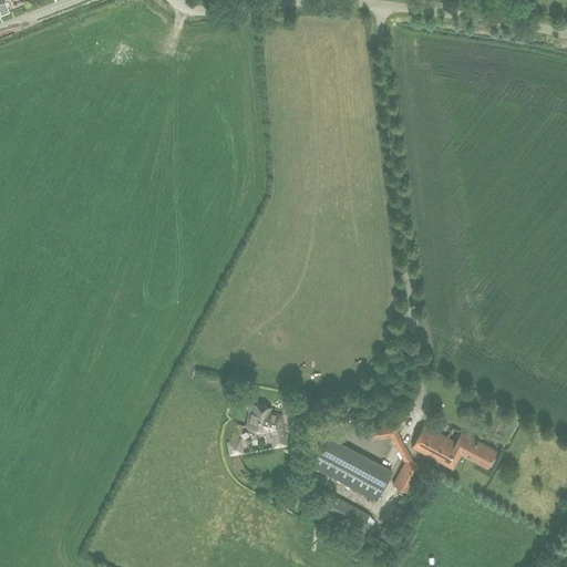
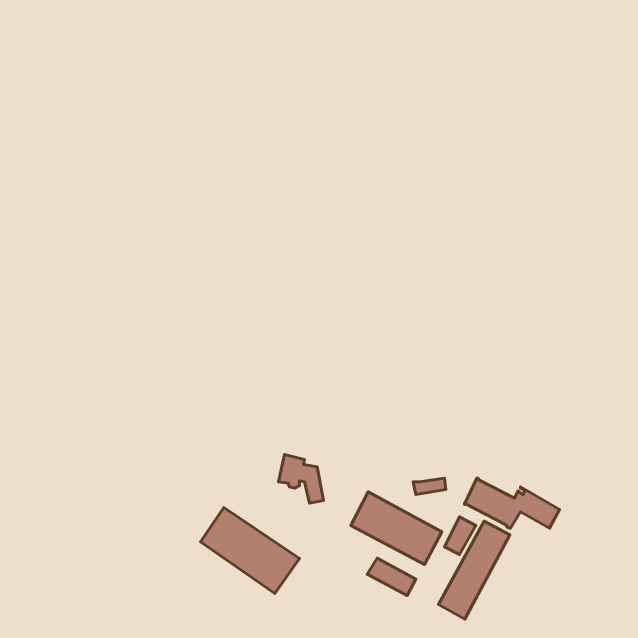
building: none -> [201,507,299,593]
building: none -> [438,521,510,619]

